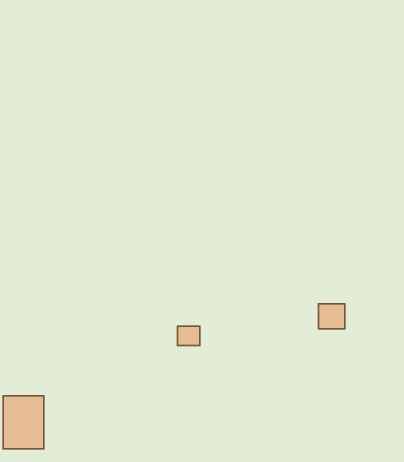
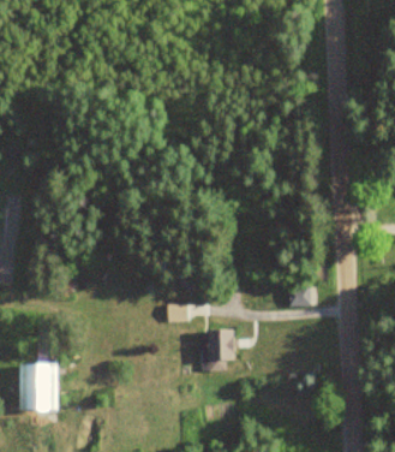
building: none -> [203,329,233,370]

